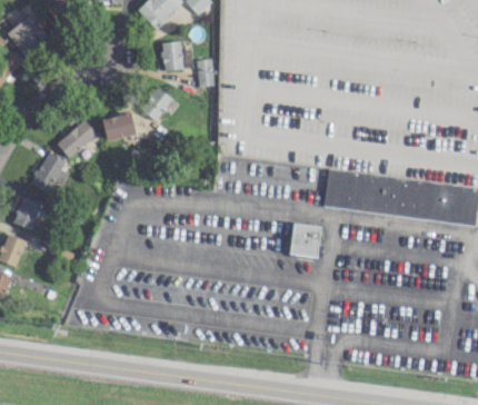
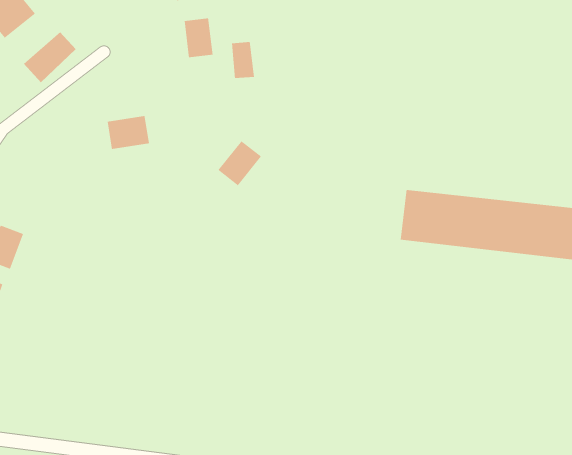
building: [140,86,173,120] -> [218,140,262,186]
building: [57,119,97,158] -> [23,31,76,83]
building: [30,150,68,192] -> none
building: [289,221,321,257] -> none

